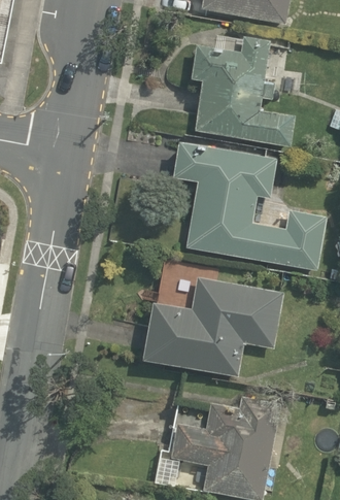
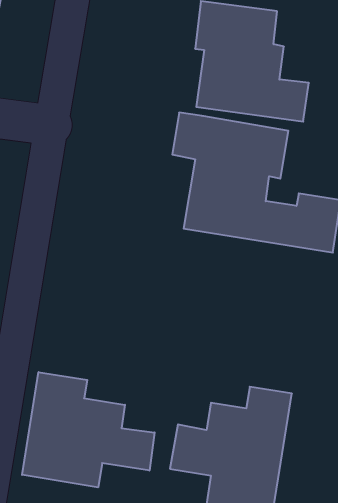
building: [144,279,284,379] -> none
building: none -> [22,372,155,487]

